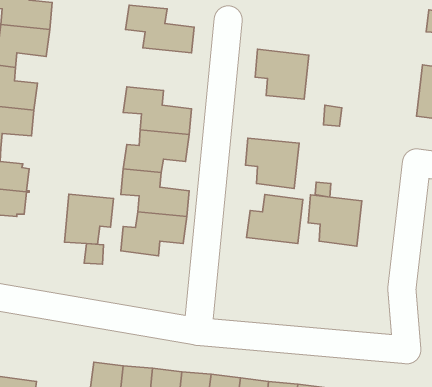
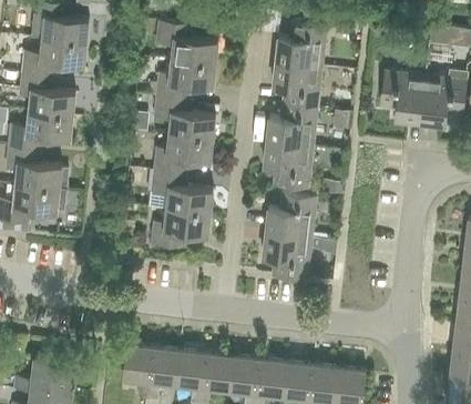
building: none -> [275,20,326,64]
building: none -> [156,58,215,97]
building: none -> [380,69,424,120]
building: none -> [266,101,317,144]
building: [65,194,113,244] -> none
building: [308,195,362,246] -> [263,230,311,276]

